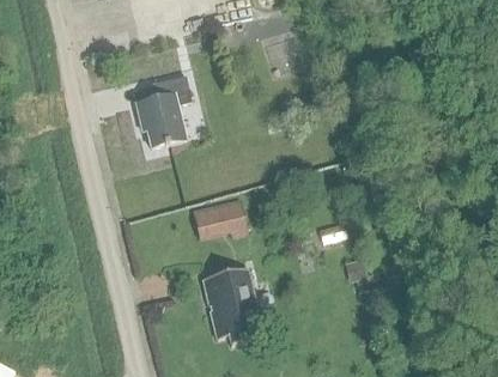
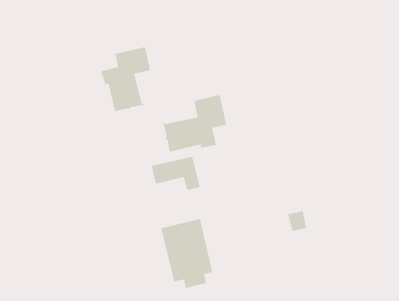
building: none -> [162,94,227,152]

